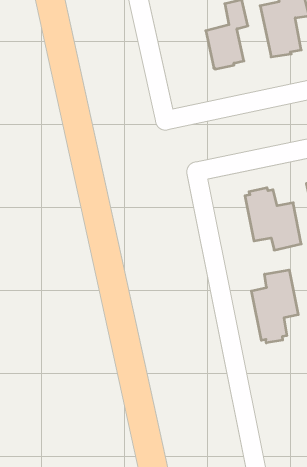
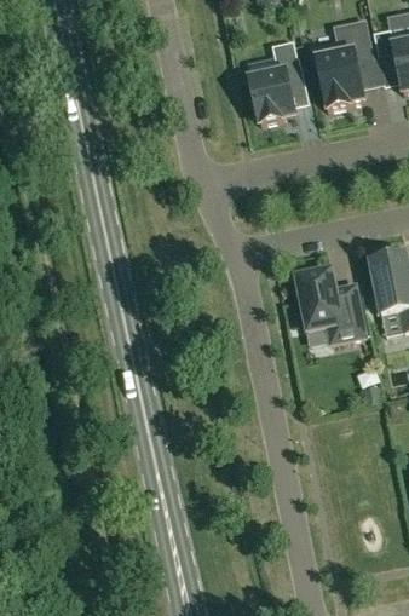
building: [251,270,298,343] -> none

